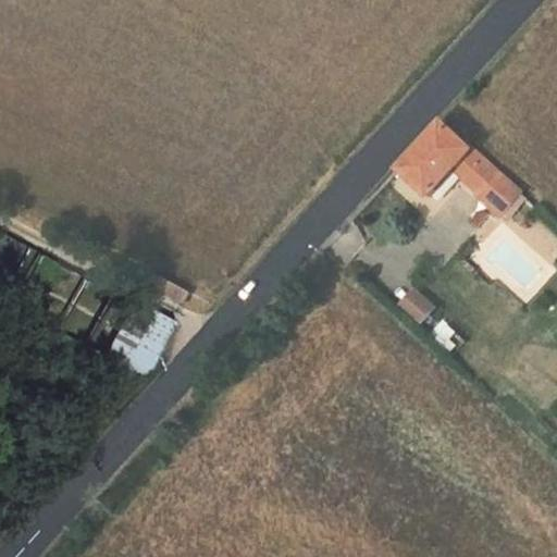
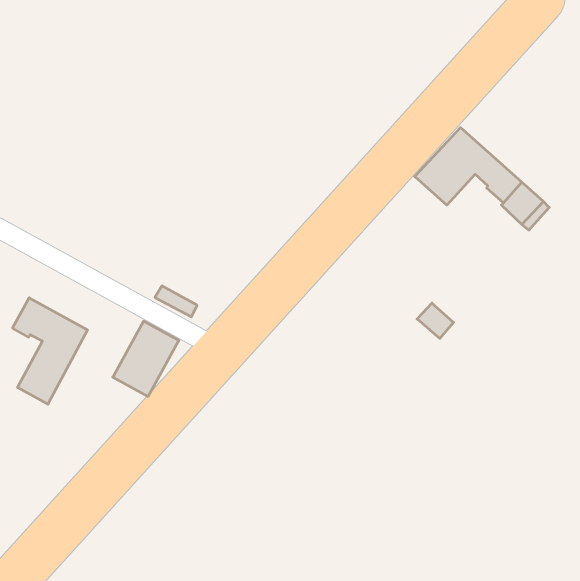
building: none -> [13,298,87,404]

